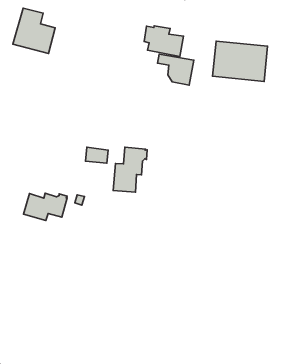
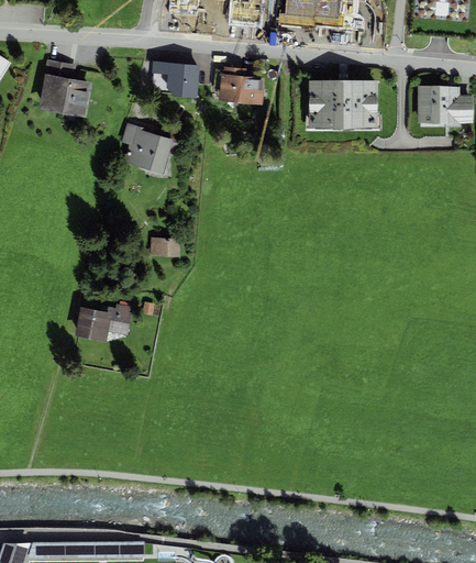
building: [157,54,194,85] -> [152,62,200,99]
building: none -> [121,122,178,173]
building: [113,147,147,192] -> none

